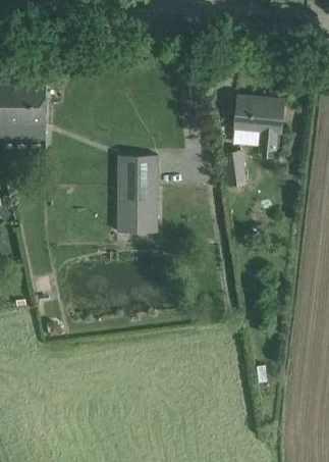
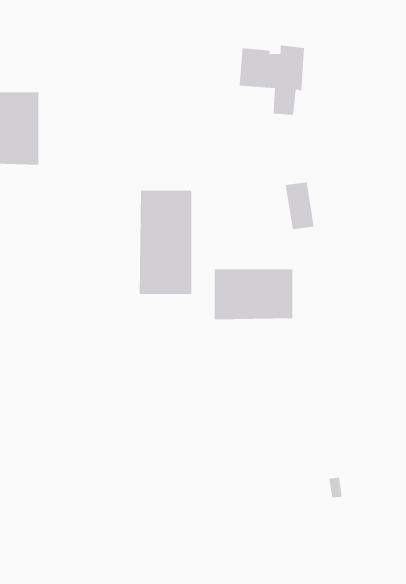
building: [235,98,283,149] -> [239,45,305,115]
building: none -> [214,268,293,320]

